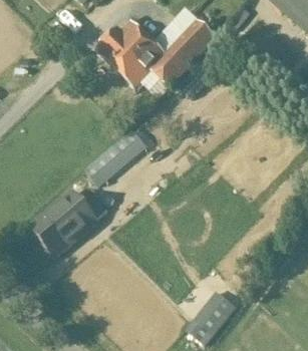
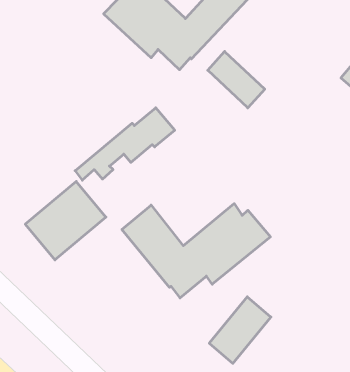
building: none -> [208,51,265,108]
building: none -> [122,204,270,298]

